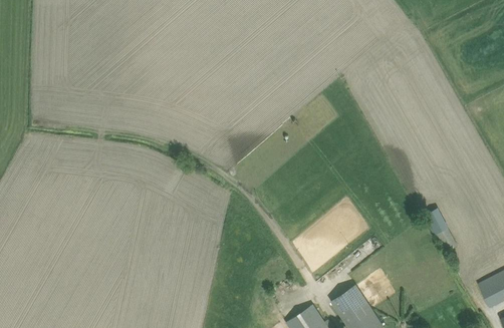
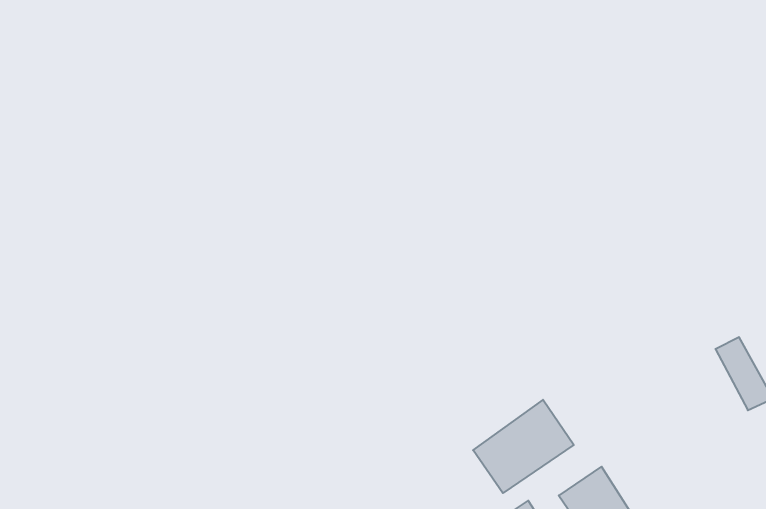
building: none -> [473,400,574,493]

